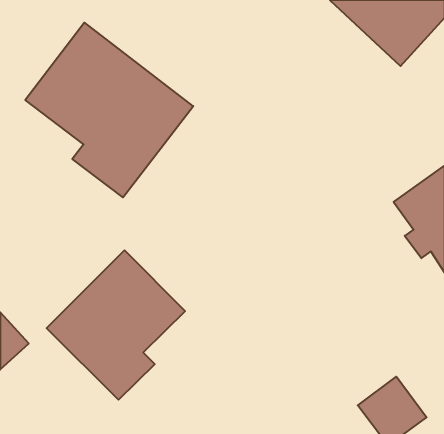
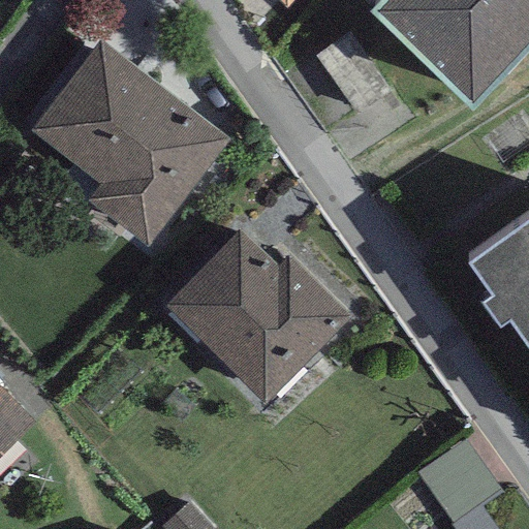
building: none -> [165,228,352,404]
building: [47,250,185,400] -> none

